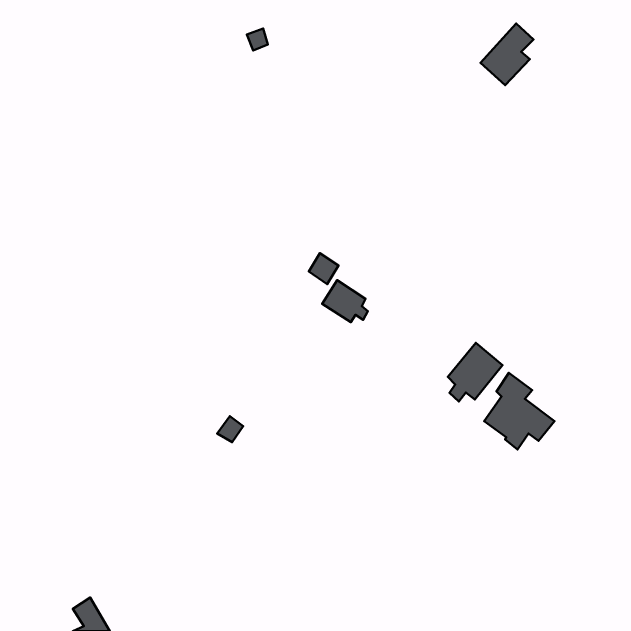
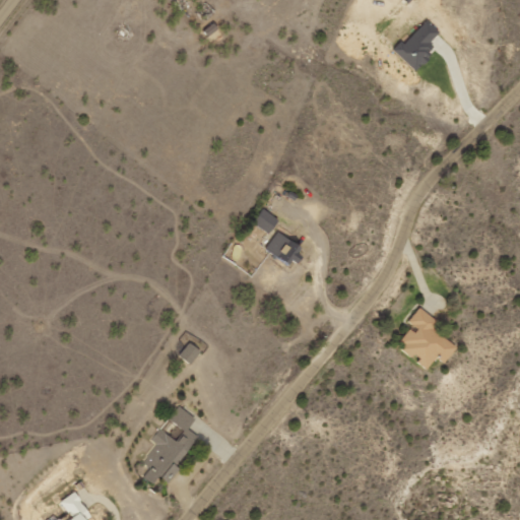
building: [448,343,502,401] -> none
building: none -> [142,406,197,484]

